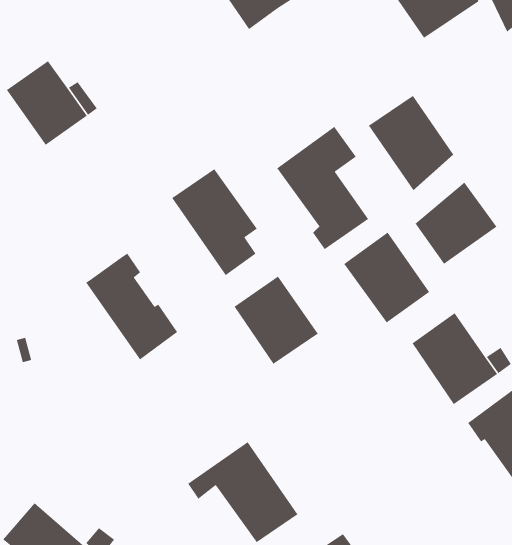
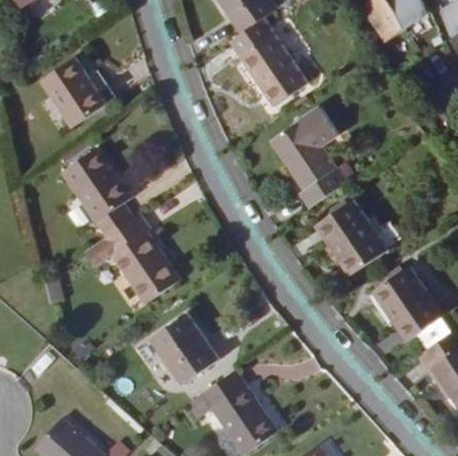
building: none -> [230,16,307,104]
building: [368,95,454,191] -> none
building: [171,168,258,276] -> [63,149,134,238]
building: [415,181,498,265] -> none
building: [233,276,319,365] -> [150,312,220,385]

